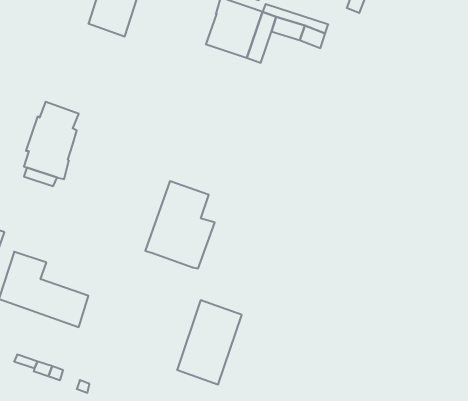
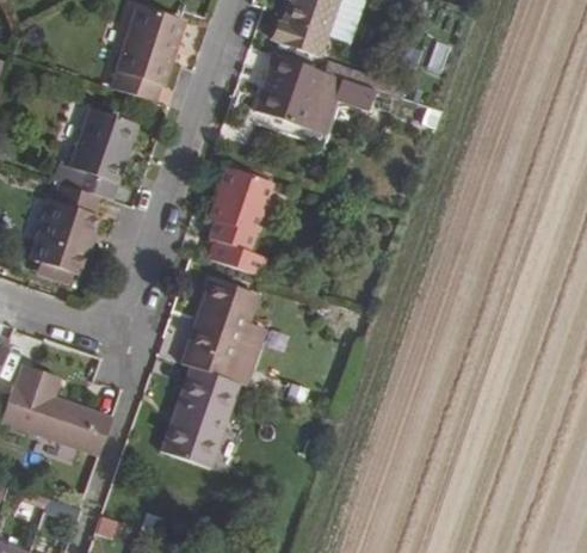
building: none -> [54,107,138,199]
building: none -> [208,167,273,275]
building: [177,300,242,384] -> [161,365,240,468]

